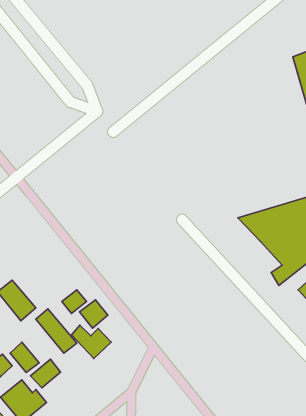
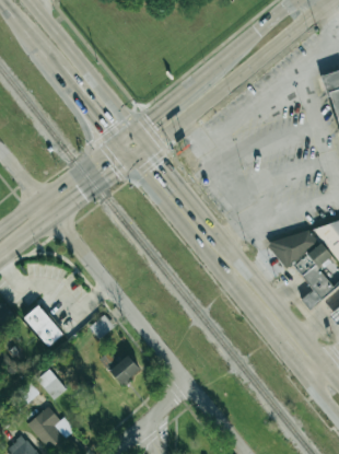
building: [79,300,108,328] -> none
building: [36,309,77,353] -> none
building: [31,359,60,388] -> none

